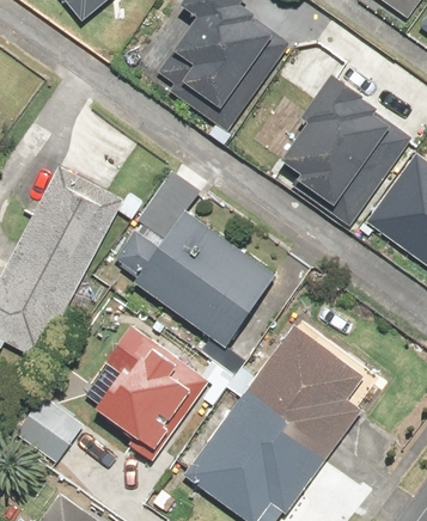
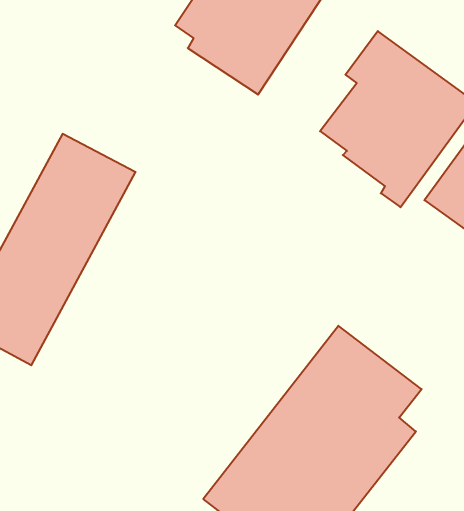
building: [116,191,280,348] -> none
building: [96,326,208,448] -> none
building: [17,396,83,461] -> none

